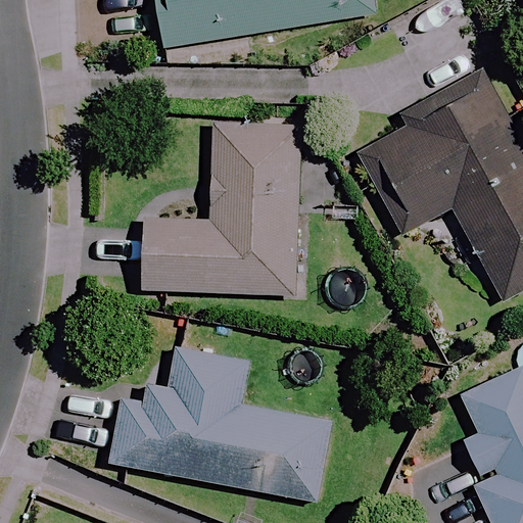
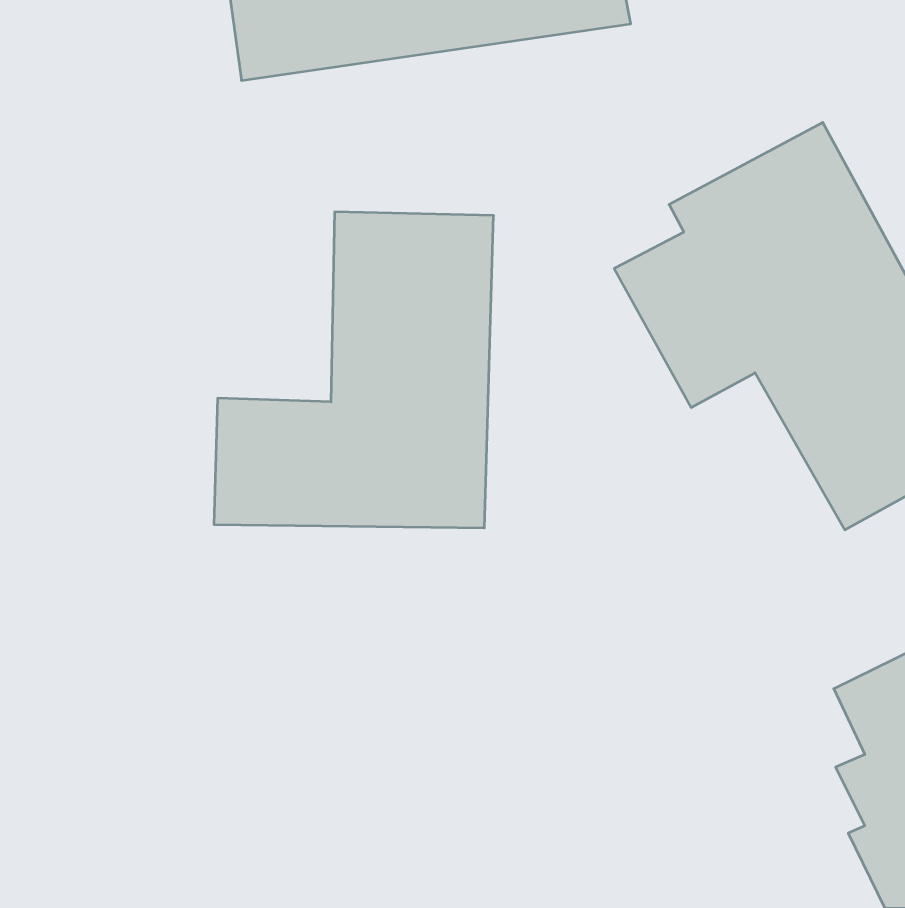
building: [101,352,317,500] -> none

